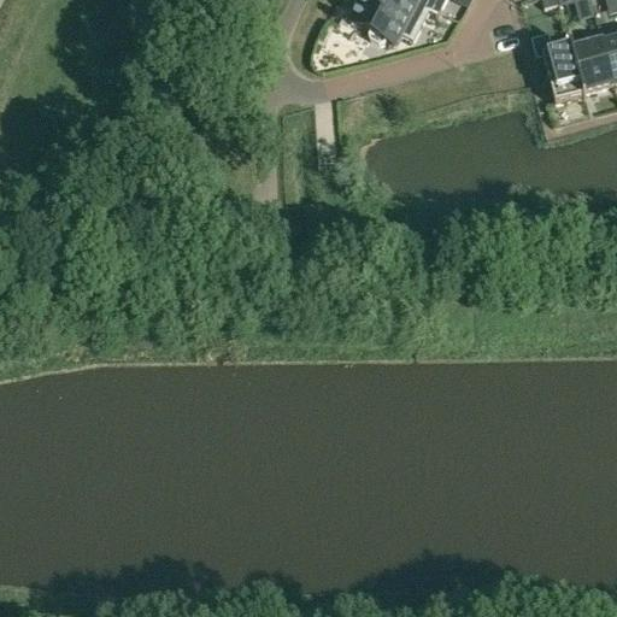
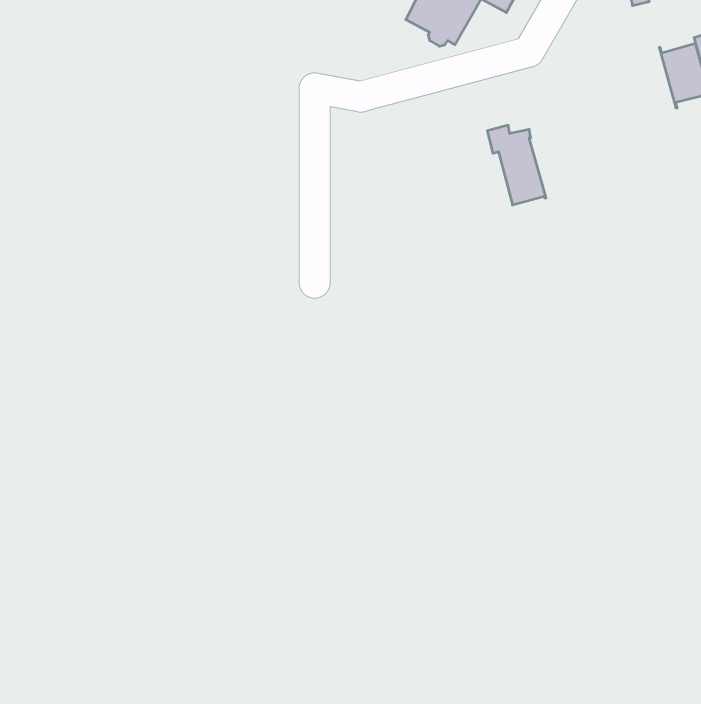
building: [543,30,594,99] -> [487,125,546,205]

